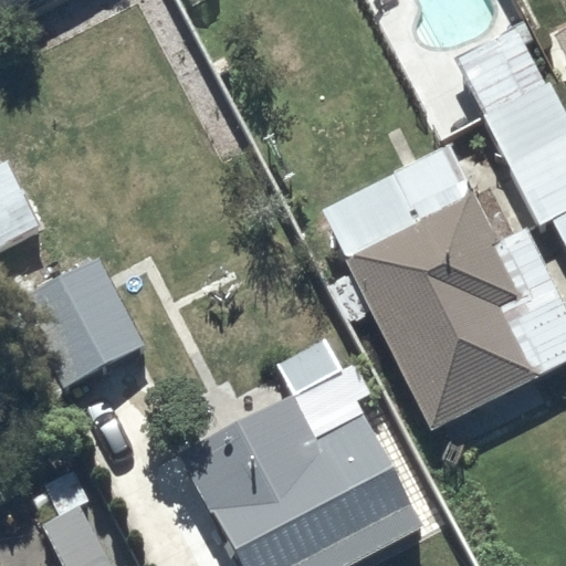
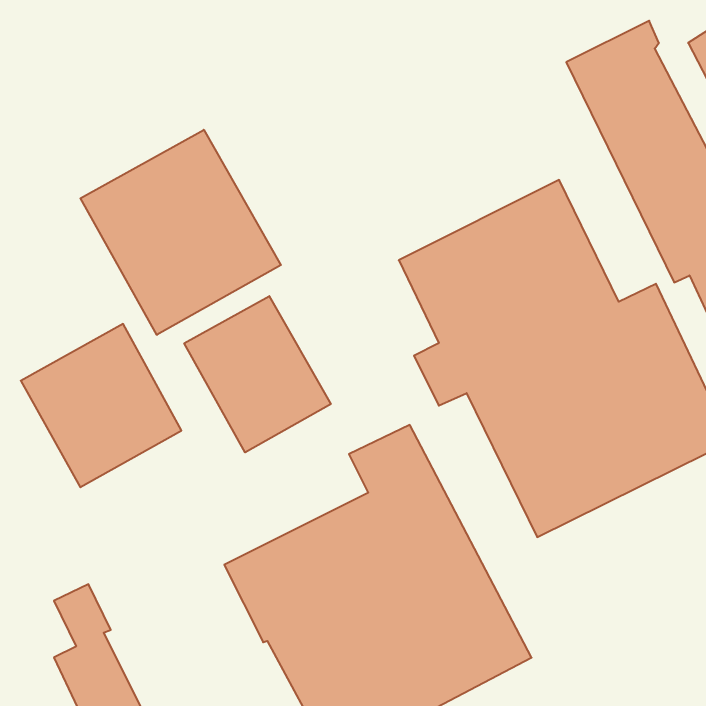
building: none -> [80,130,281,335]
building: none -> [184,296,331,452]

